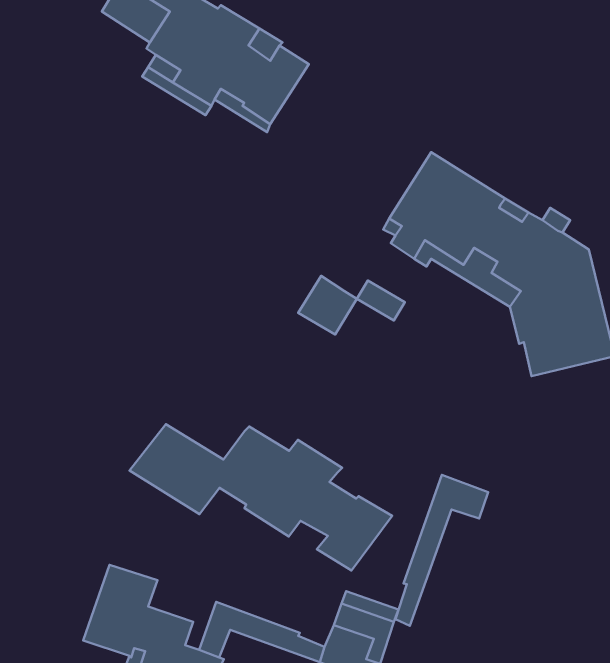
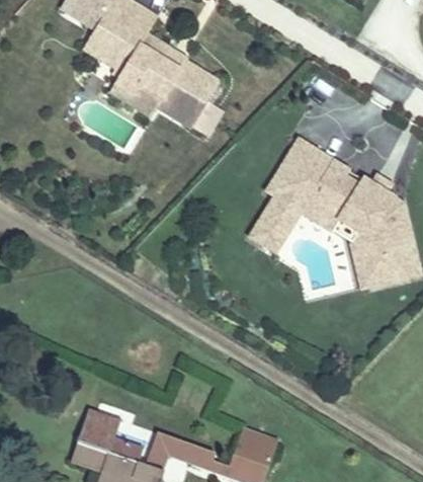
building: [298,276,357,335] -> [257,198,295,237]
building: [129,424,392,570] -> none
building: [395,475,488,626] -> none

